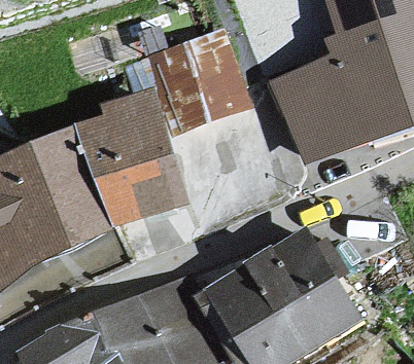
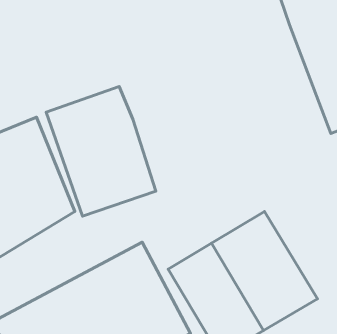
building: [137,12,248,131] -> none
building: [269,30,379,175] -> none

